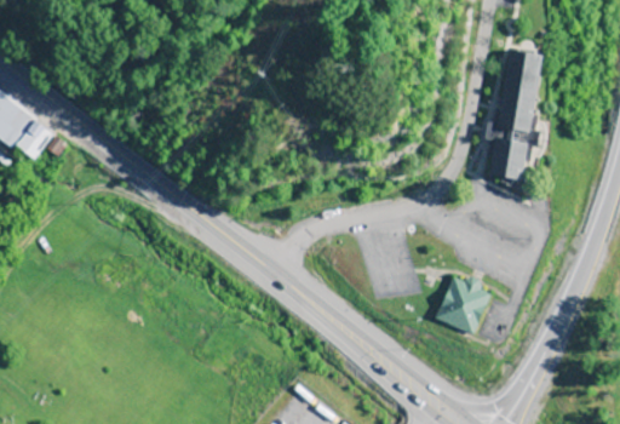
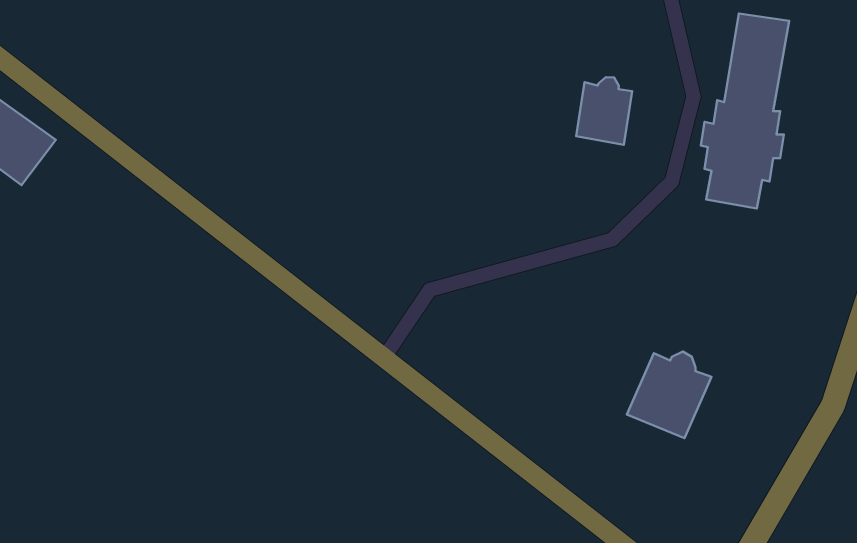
building: none -> [576,77,632,145]

